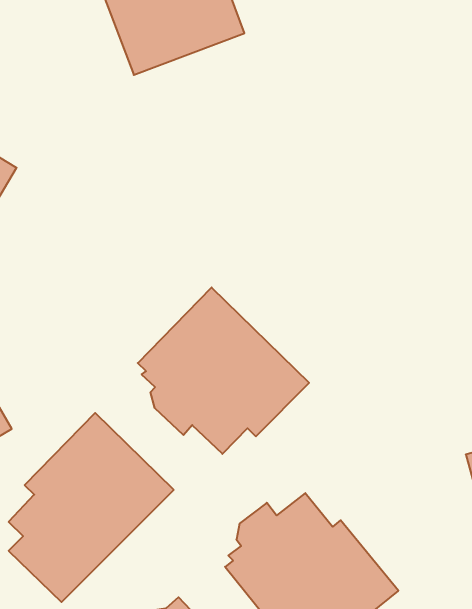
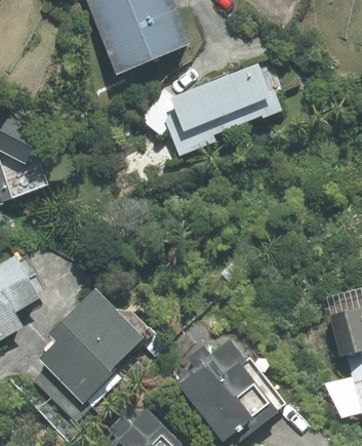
building: none -> [143,66,283,157]
building: [138,287,309,454] -> none

